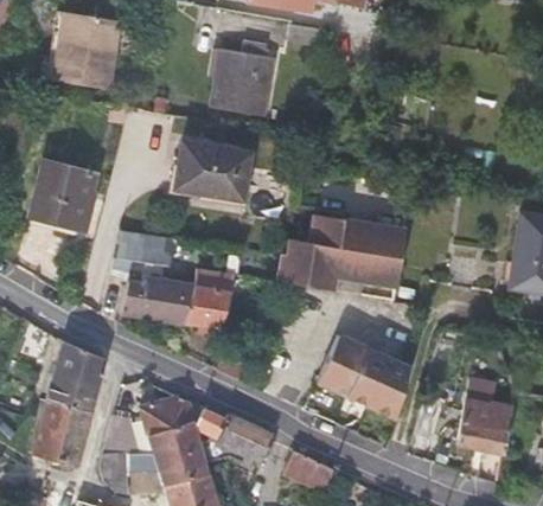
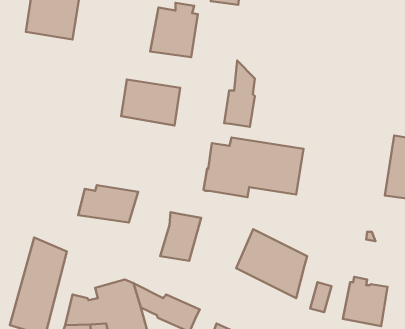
building: none -> [224,60,255,127]
building: [31,162,96,229] -> none
building: [108,231,174,281] -> none
building: [184,268,236,329] -> [160,212,201,261]

